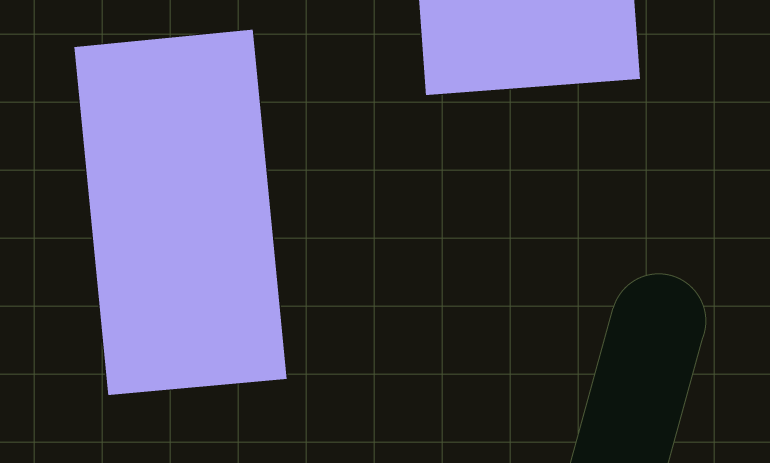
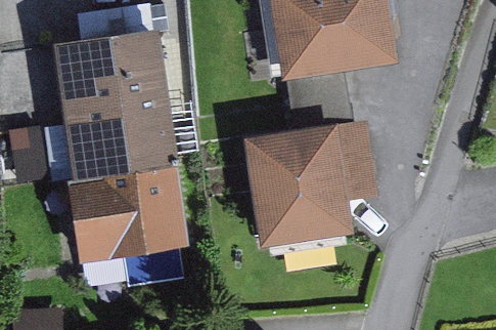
building: none -> [243,133,365,245]

